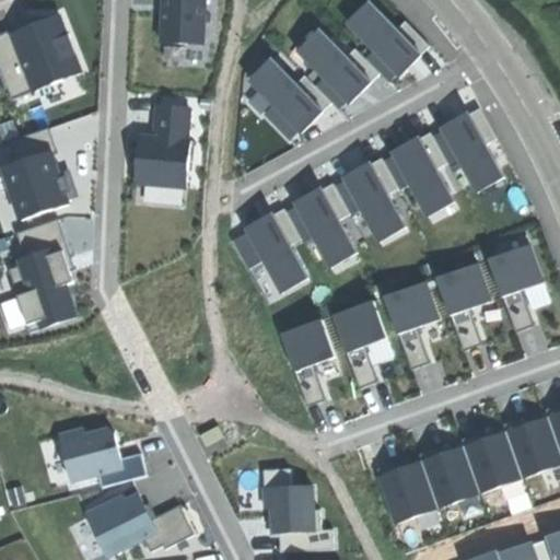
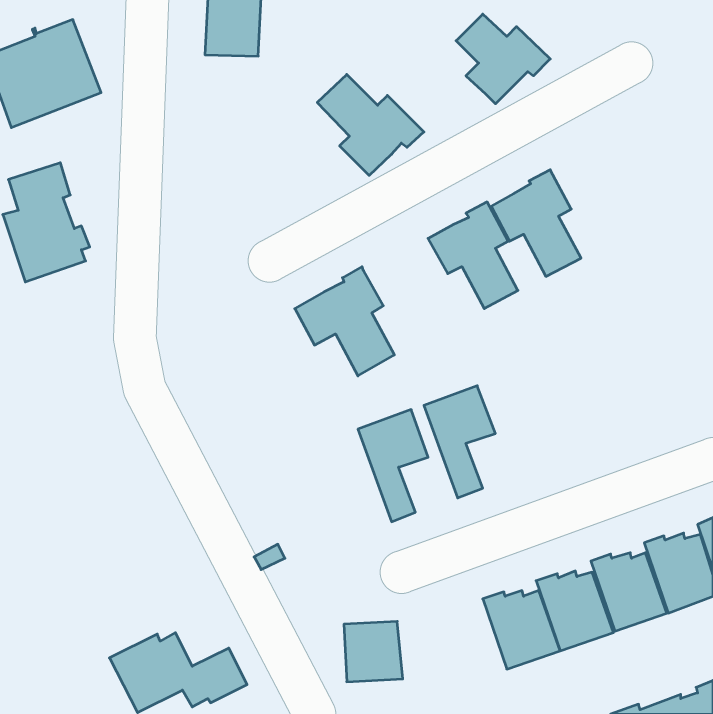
building: [296,31,378,108] -> none
building: [131,105,188,187] -> none
building: [431,108,497,180] -> none
building: [283,183,355,266] -> none
building: [8,219,75,331] -> none
building: [487,244,541,331] -> none
building: [435,264,490,350] -> none
building: [383,282,438,369] -> none
building: [57,427,145,486] -> none

